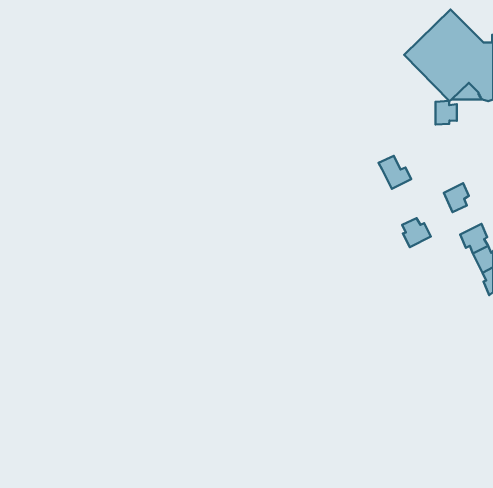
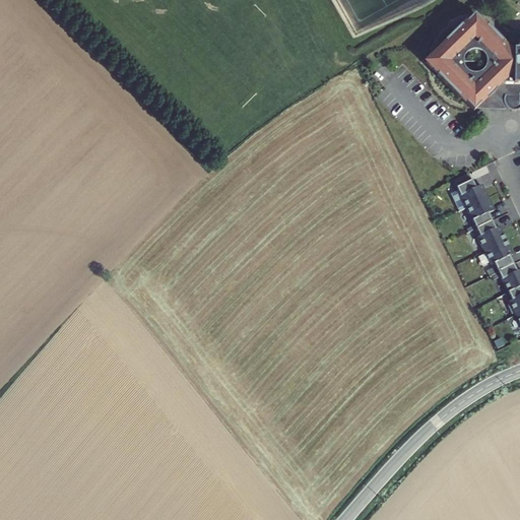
building: [436,101,457,125] -> none
building: [378,156,411,189] -> [453,169,488,203]
building: [402,218,431,247] -> [476,216,507,247]

